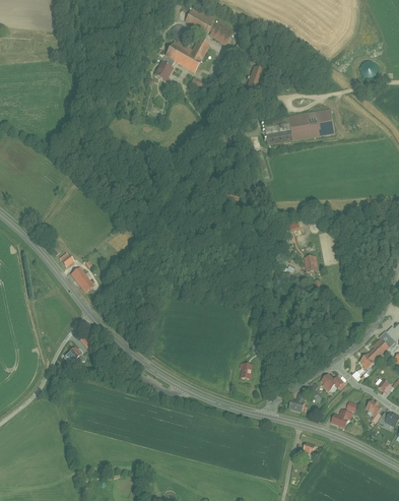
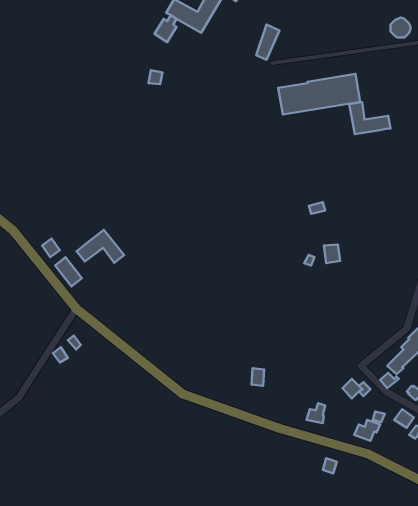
building: none -> [349,102,391,134]
building: none -> [76,230,124,263]

